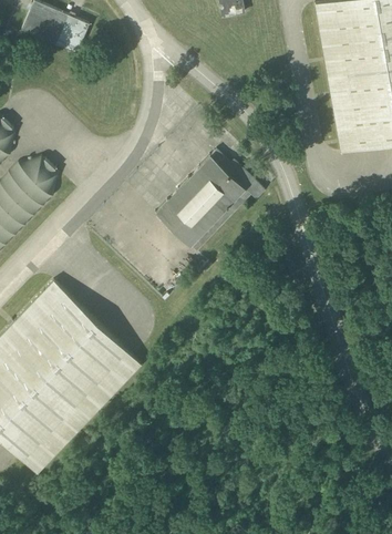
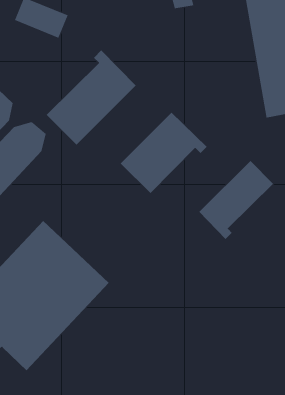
building: none -> [46,50,136,145]
building: none -> [199,160,274,240]

